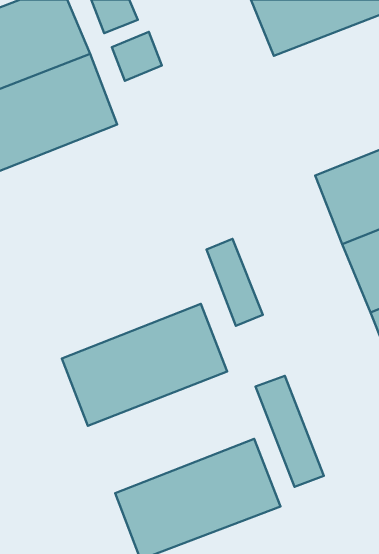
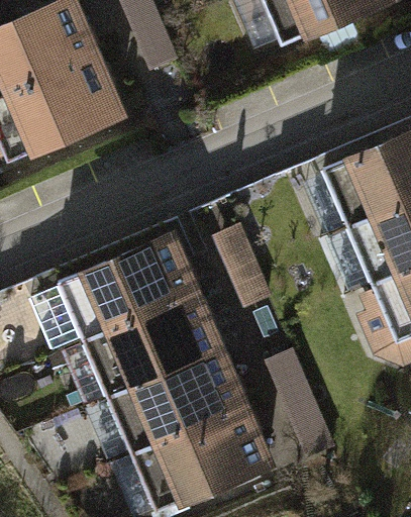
building: none -> [50,221,205,334]
building: none -> [100,346,254,459]

